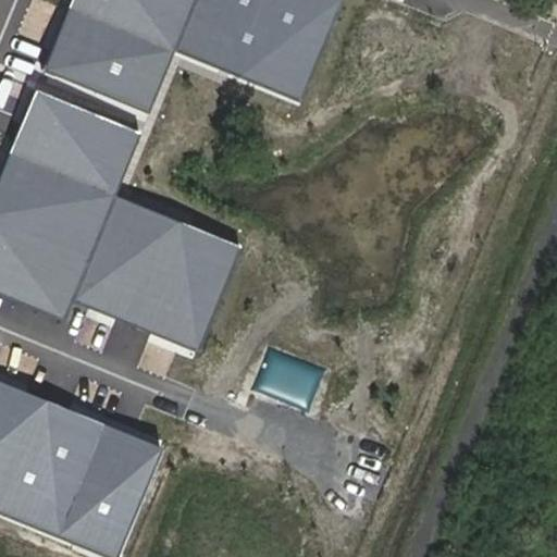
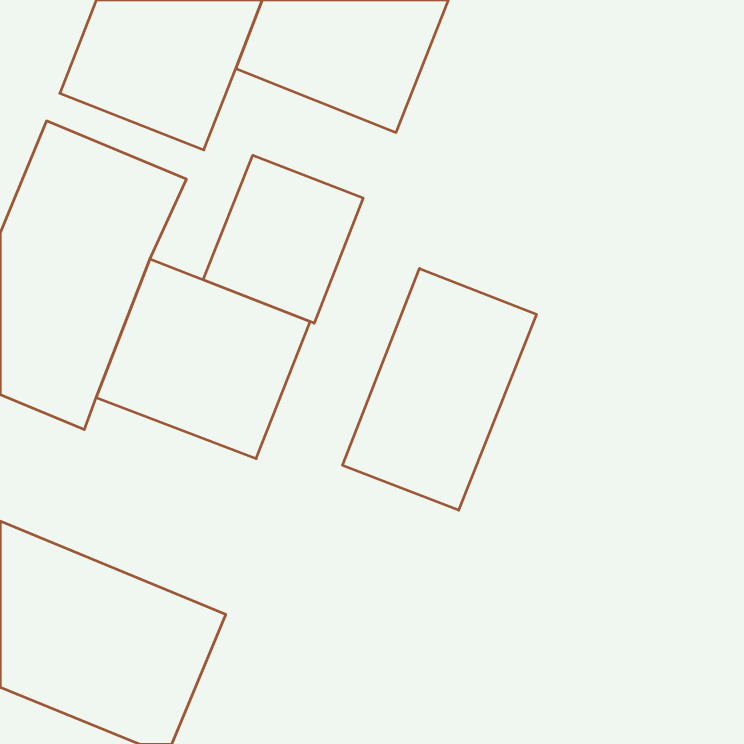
building: none -> [203,155,363,323]
building: none -> [343,268,536,510]

